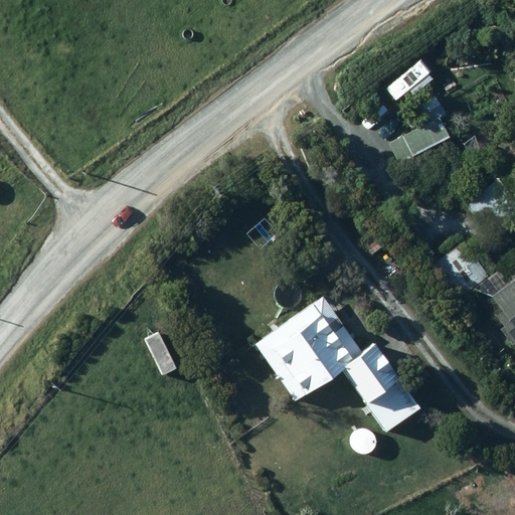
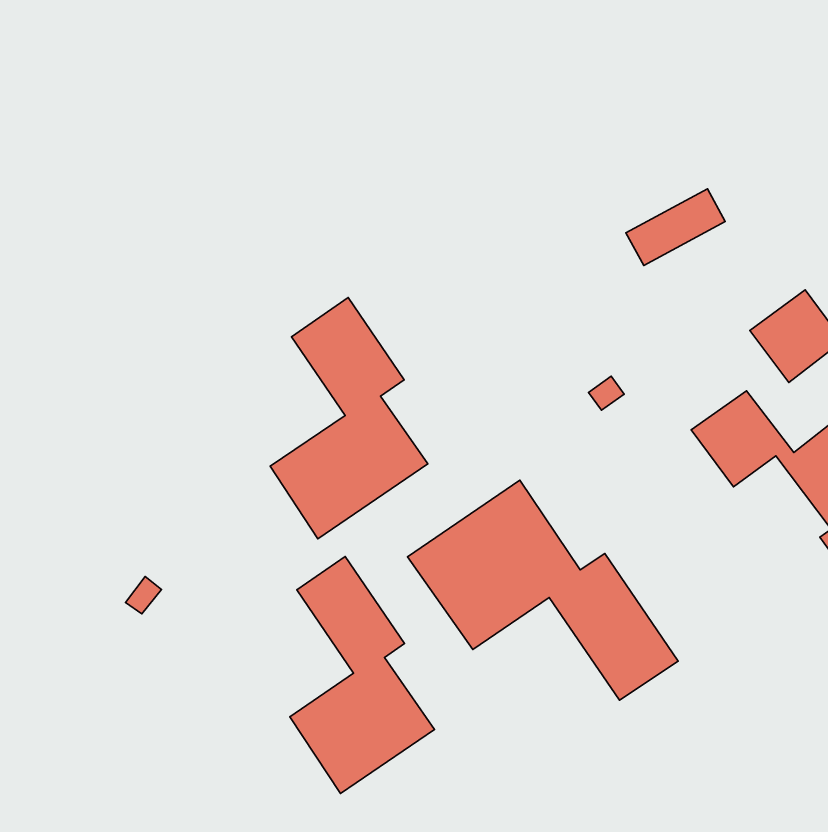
building: none -> [270,298,428,539]
building: none -> [290,556,434,793]

